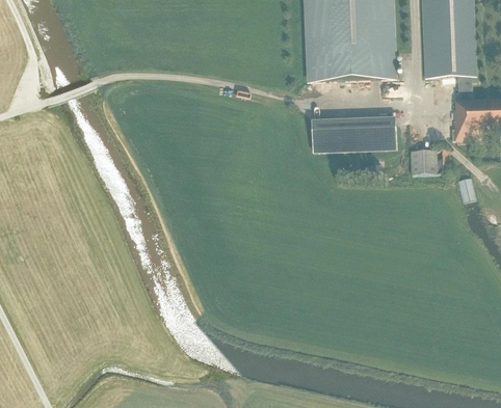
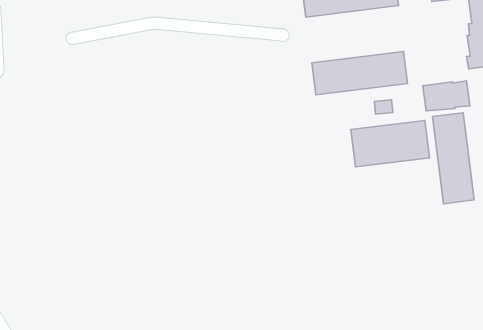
building: none -> [433,113,474,204]
building: none -> [351,120,429,167]

